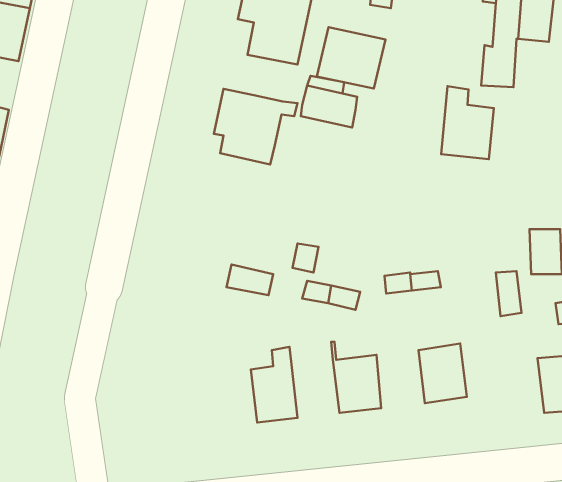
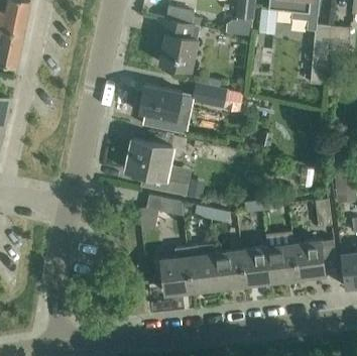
building: [317,27,385,89] -> none
building: [441,86,494,159] -> none
building: none -> [126,140,192,197]
building: none -> [292,241,334,278]
building: none -> [186,244,217,291]
building: none -> [240,249,270,285]

